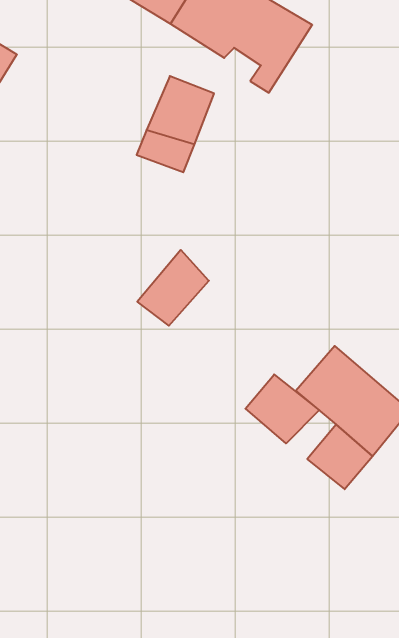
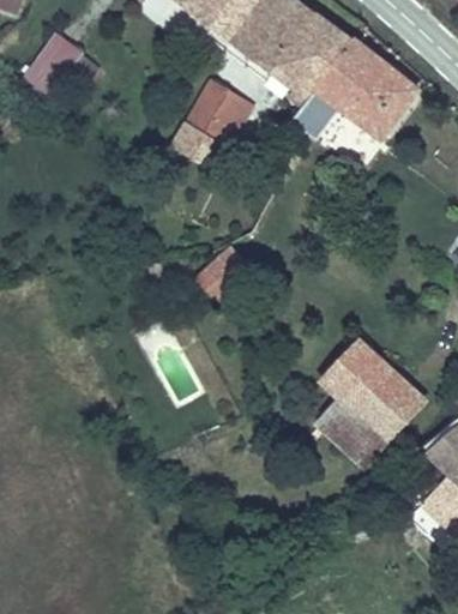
building: none -> [311,47,416,133]
building: [245,374,319,443] -> none

